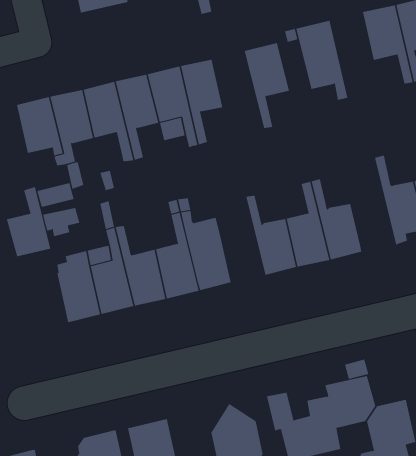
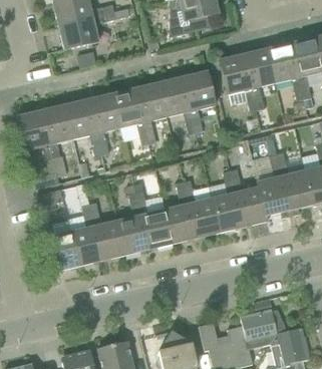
building: none -> [245,47,276,109]
building: none -> [159,75,197,133]
building: none -> [259,152,292,218]
building: [6,186,51,257] -> none
building: none -> [166,180,198,243]

